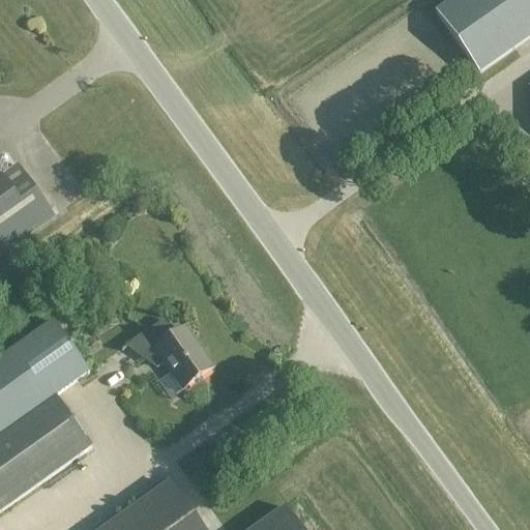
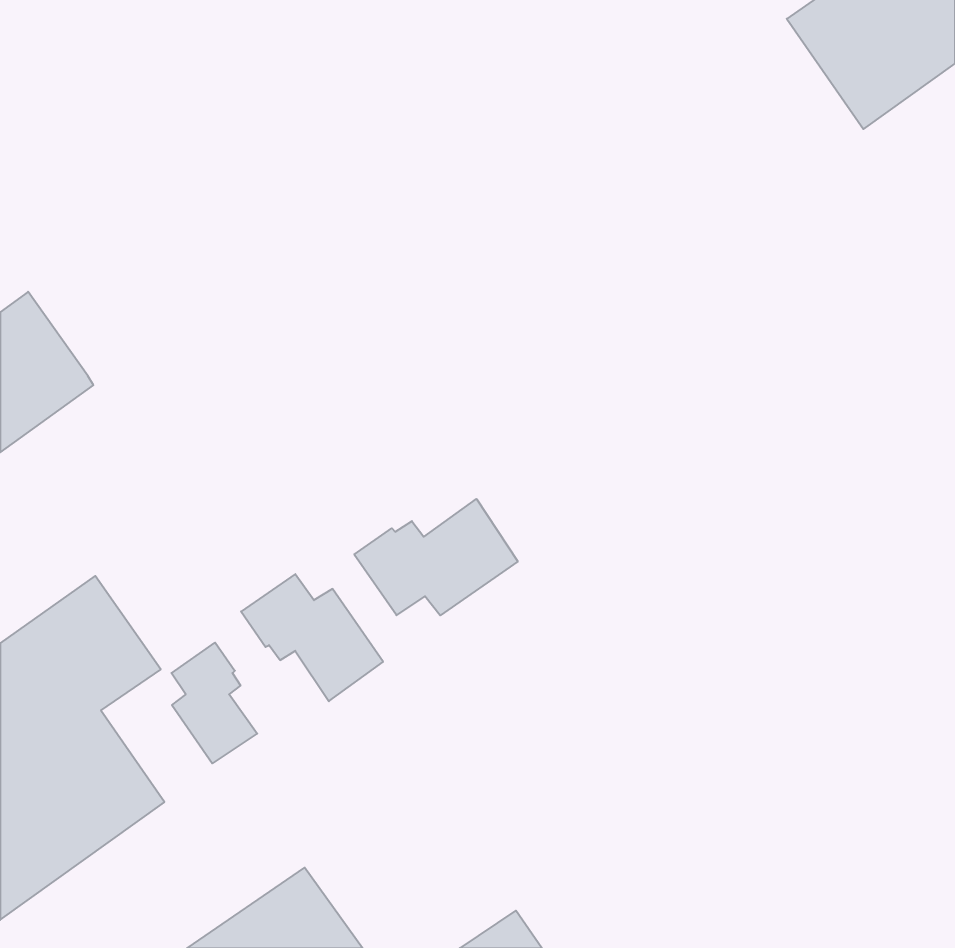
building: none -> [354,499,518,615]
building: none -> [171,643,257,763]

